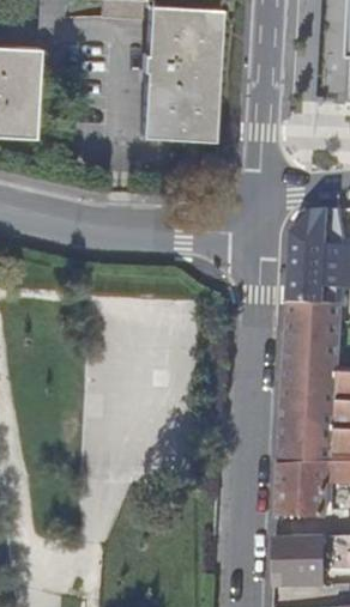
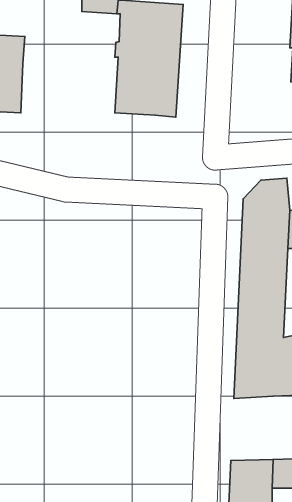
building: [278,463,326,516] -> none

